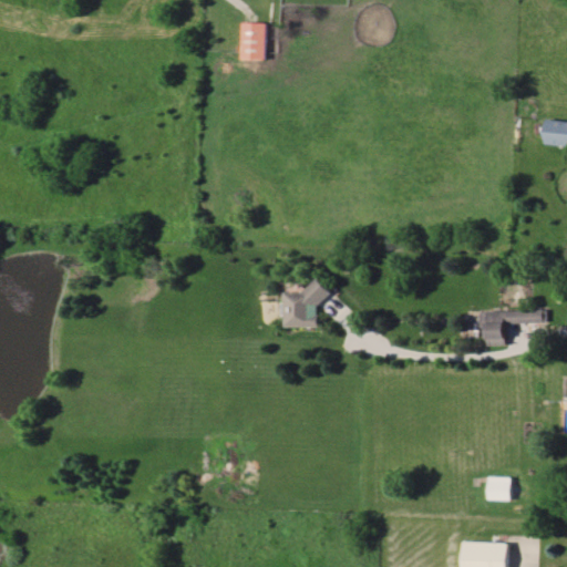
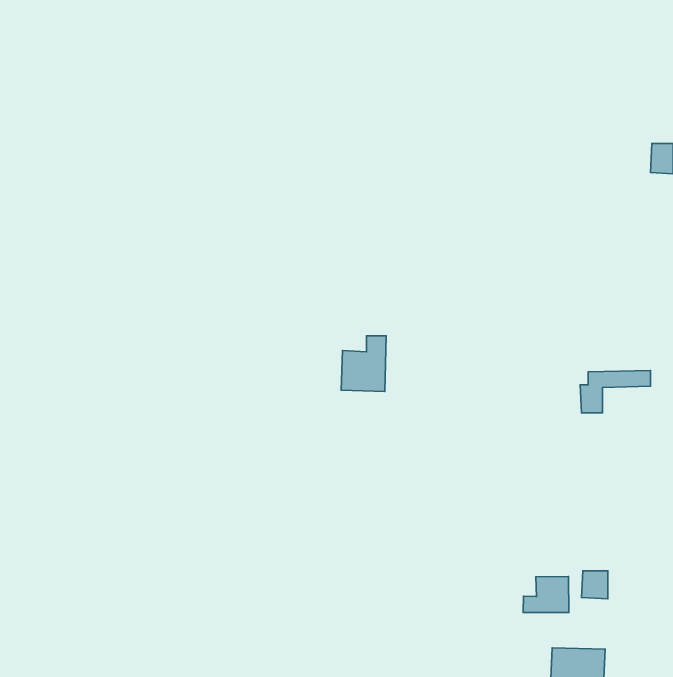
building: [240,23,264,60] -> none
building: none -> [523,577,569,612]

